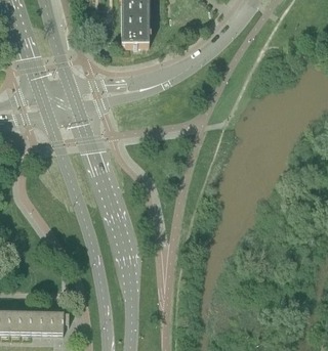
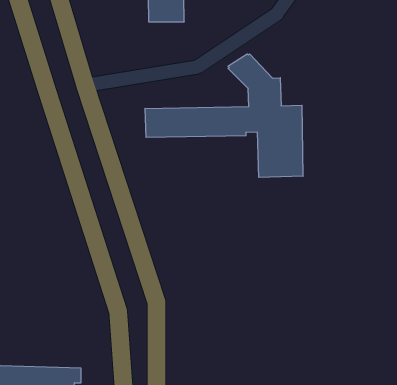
building: none -> [145,54,303,177]

